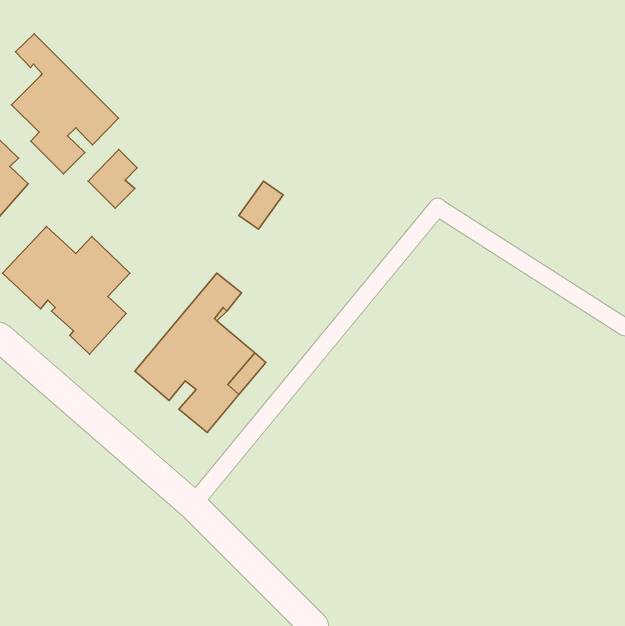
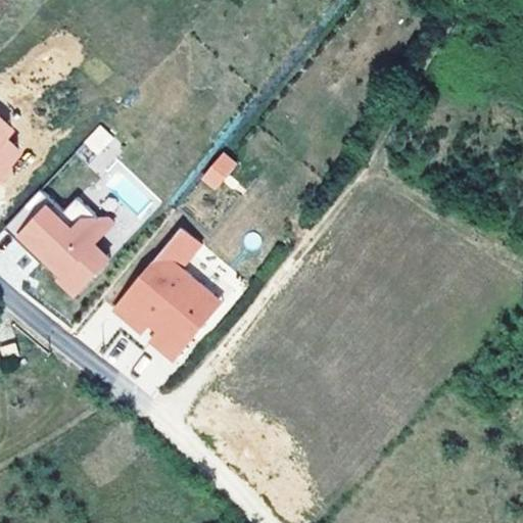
building: [12,34,118,174] -> none

